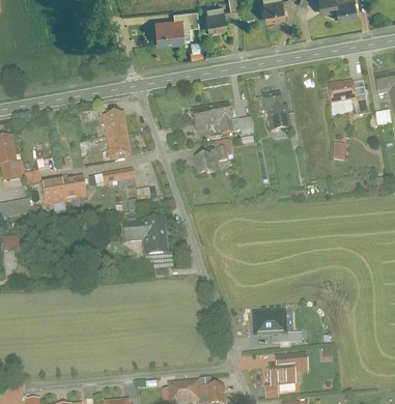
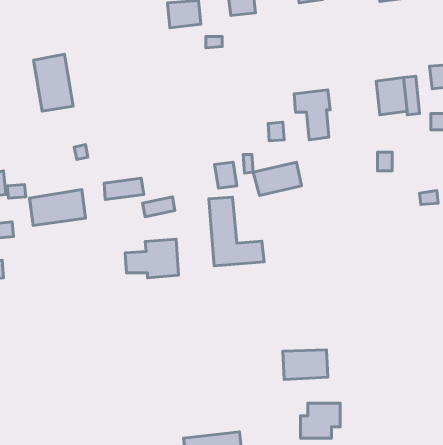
building: [190,103,230,131] -> [253,162,302,196]
building: [102,112,135,160] -> [33,54,73,111]
building: none -> [209,197,264,266]

